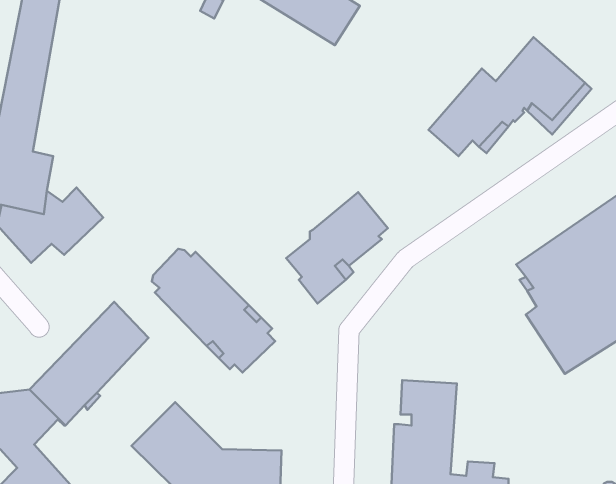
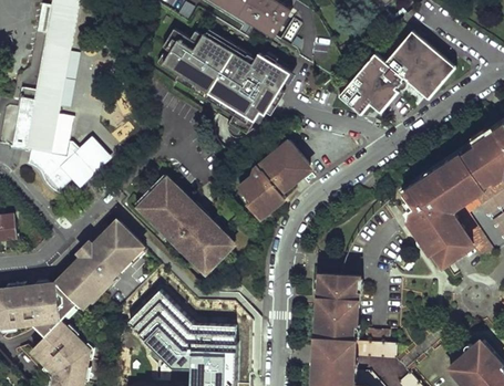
building: none -> [157,31,297,137]

